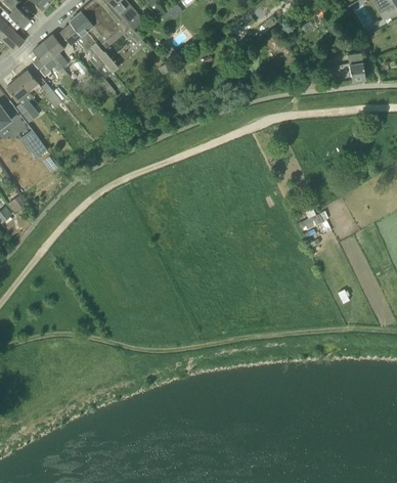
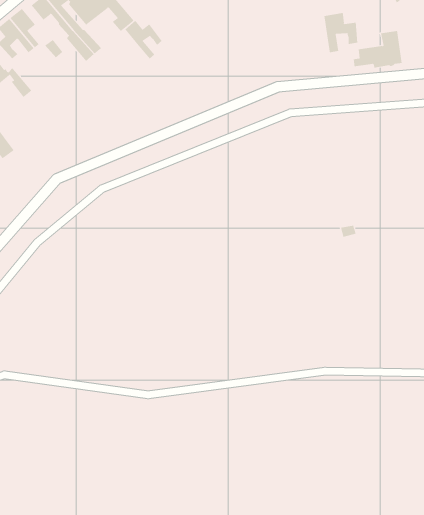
building: none -> [324,12,358,53]
building: none -> [125,20,163,59]

